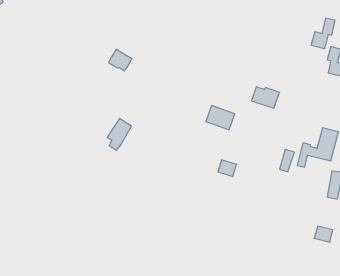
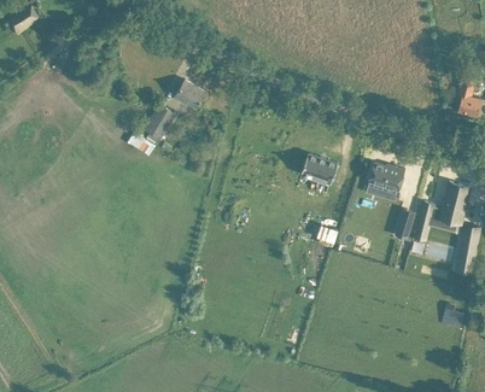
building: [311,18,335,49] -> none
building: [252,87,280,108] -> [373,164,409,192]
building: [107,119,132,150] -> [144,105,175,146]

